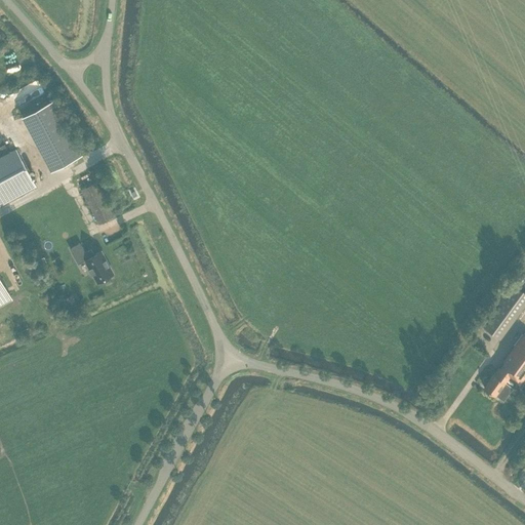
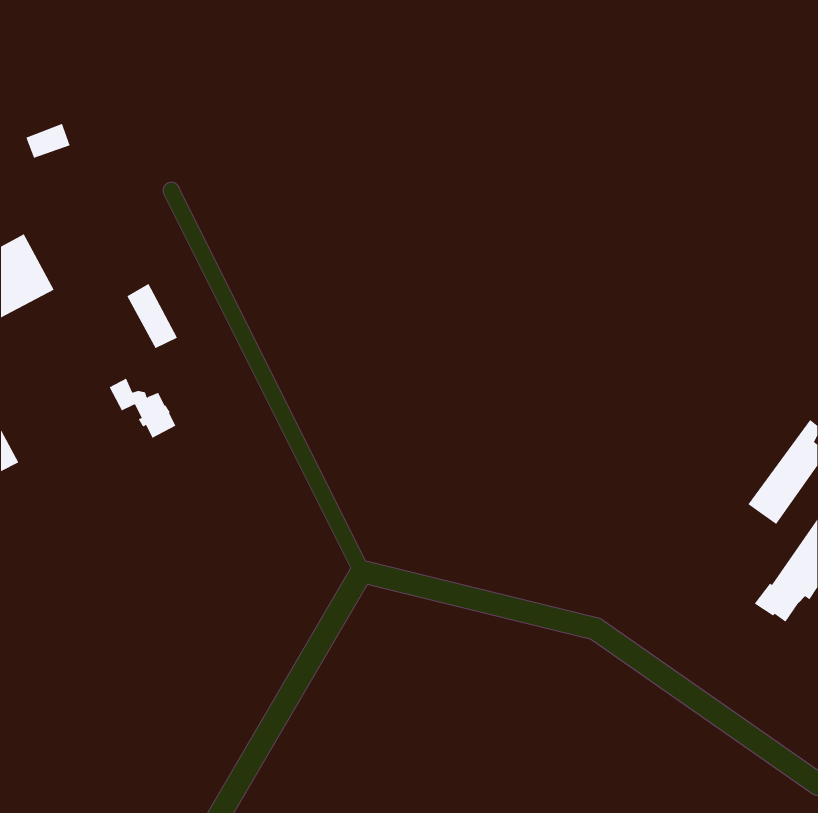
building: [26,102,82,170] -> none

